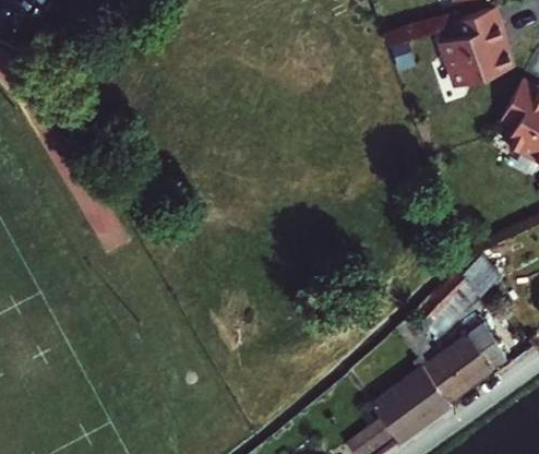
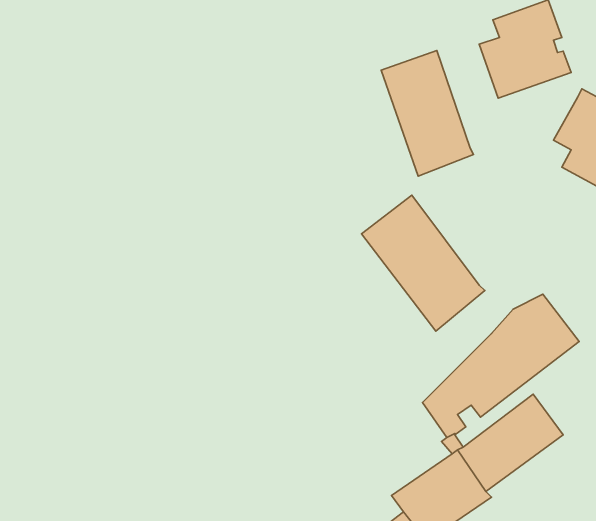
building: none -> [381,50,474,176]
building: none -> [362,195,485,331]

